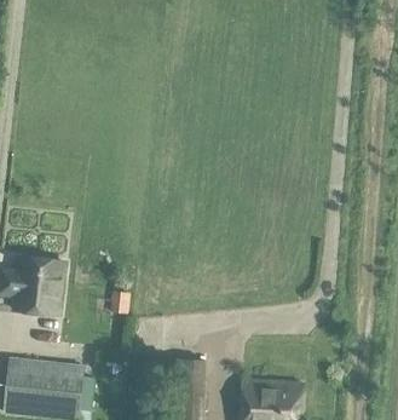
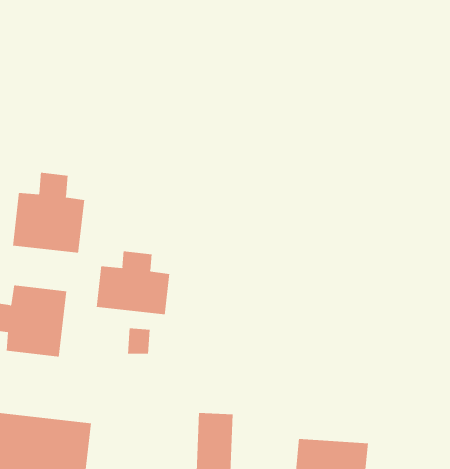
building: none -> [12,172,85,254]
building: none -> [96,251,170,315]

